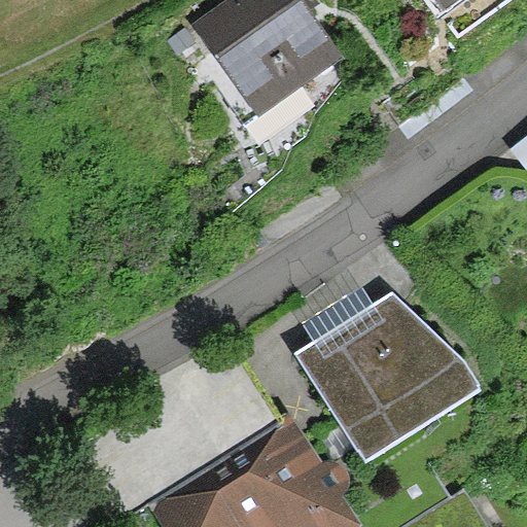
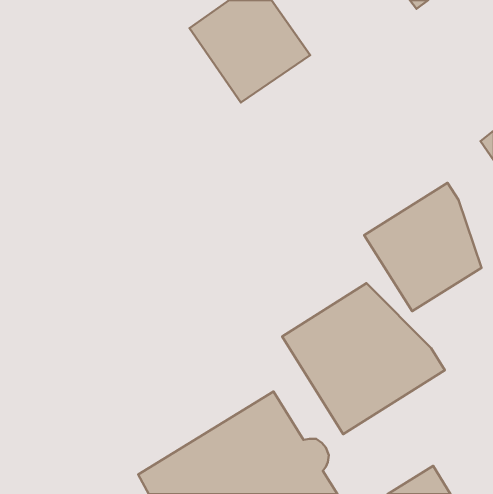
building: none -> [364,183,481,311]

